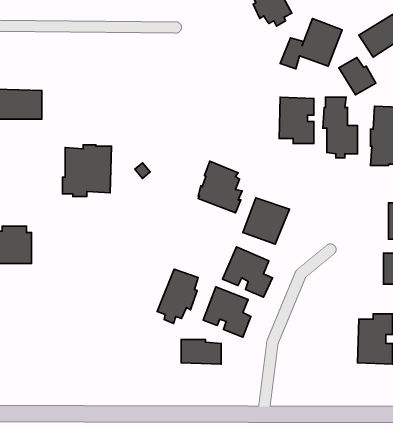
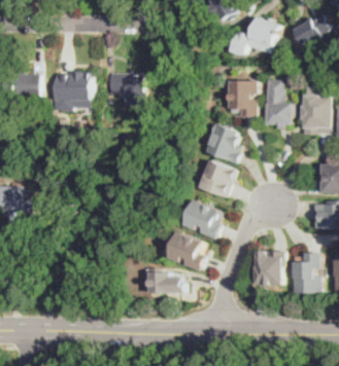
building: [339,57,376,95] -> none
building: none -> [107,73,143,106]
building: [62,145,111,197] -> [52,70,91,111]
building: [198,161,242,213] -> [206,121,241,162]
building: [157,269,198,324] -> none
building: none -> [255,249,283,285]

